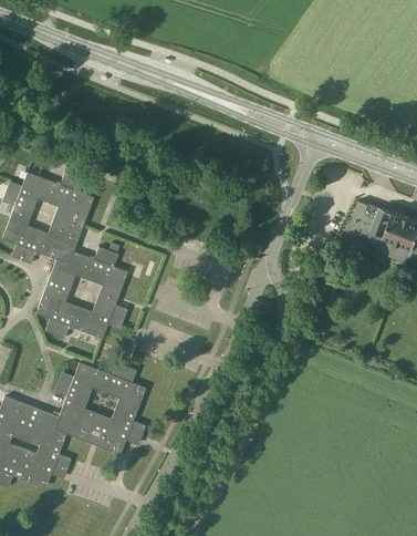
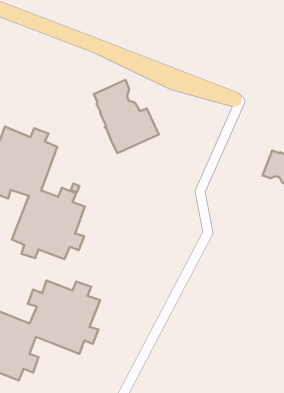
building: none -> [94,80,159,153]

